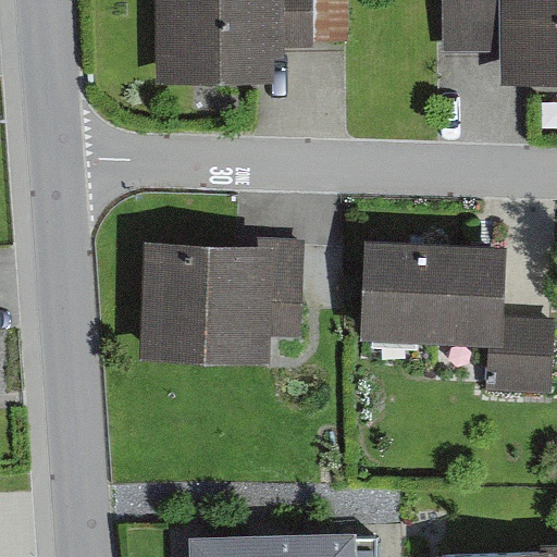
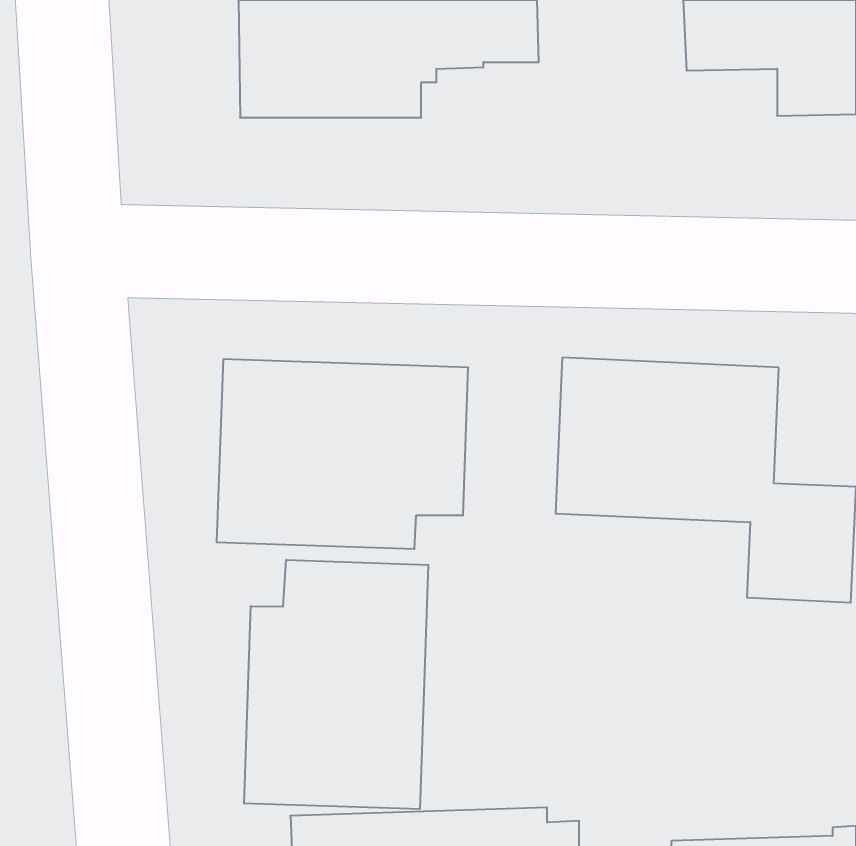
building: none -> [244,560,428,809]

